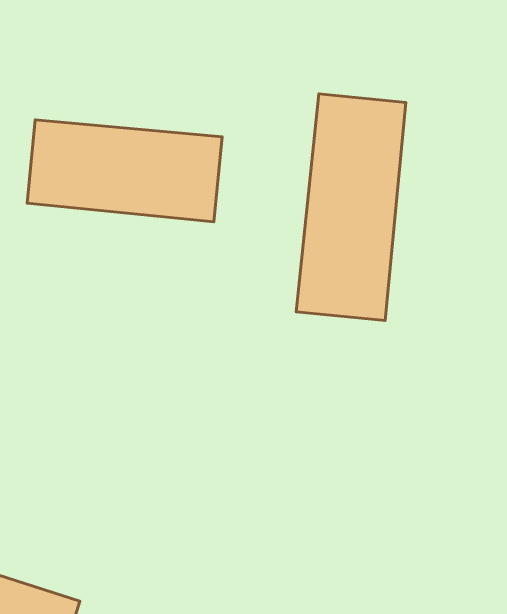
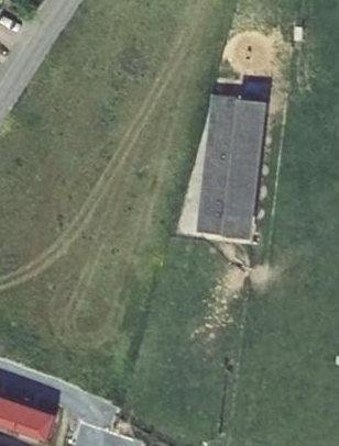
building: [27,120,222,222] -> none

